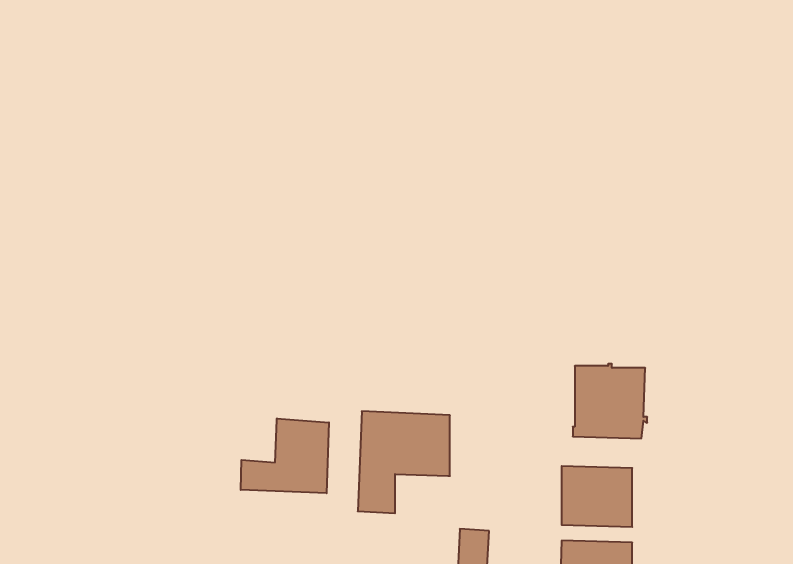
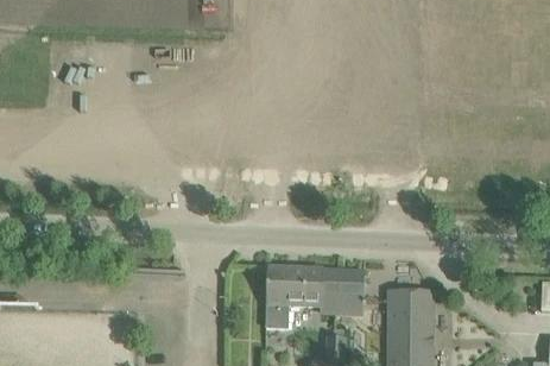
building: [573,364,647,438] -> [320,266,365,311]
building: [241,418,329,493] -> none

